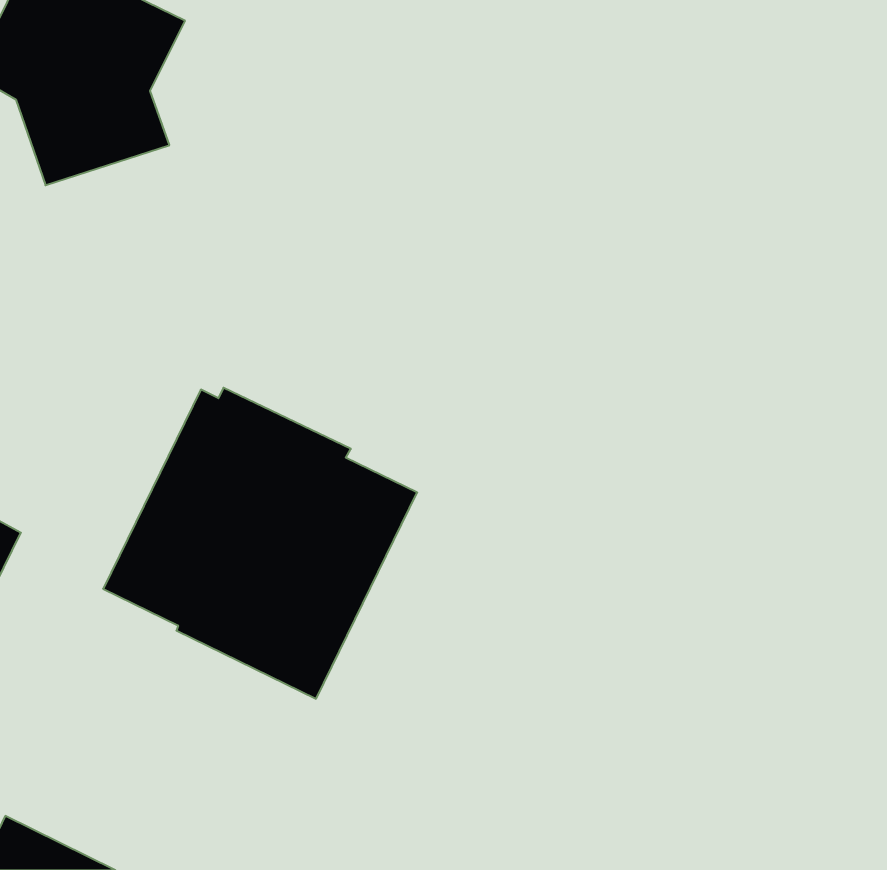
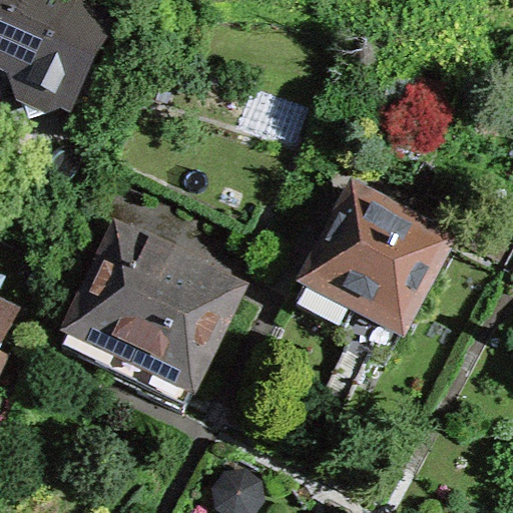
building: none -> [295,184,447,354]

